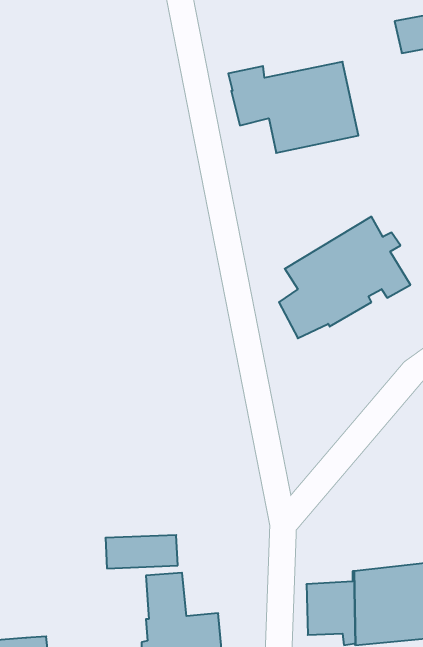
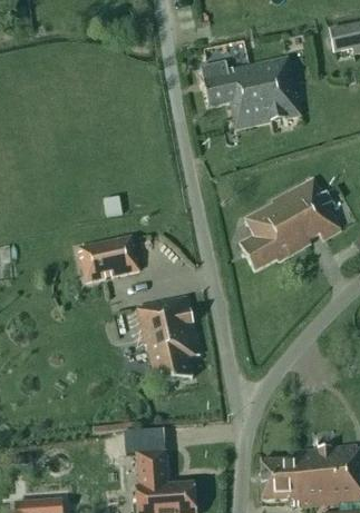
building: none -> [78,234,139,280]
building: none -> [135,295,200,383]

